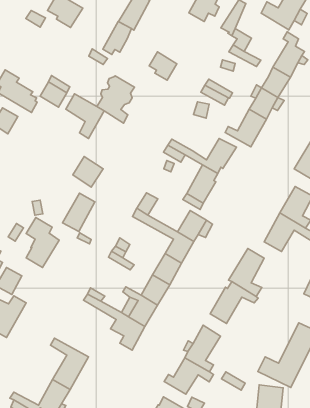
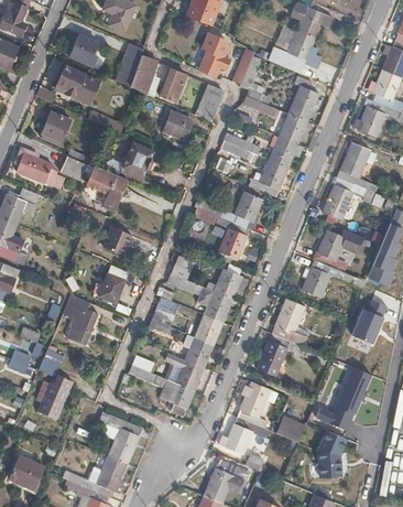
building: [103,21,132,55] -> [159,67,185,101]
building: none -> [200,85,228,123]
building: none -> [40,111,69,145]

